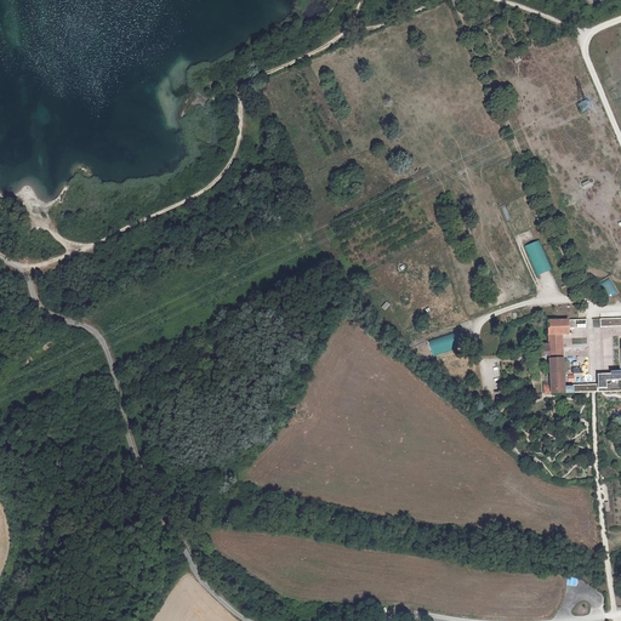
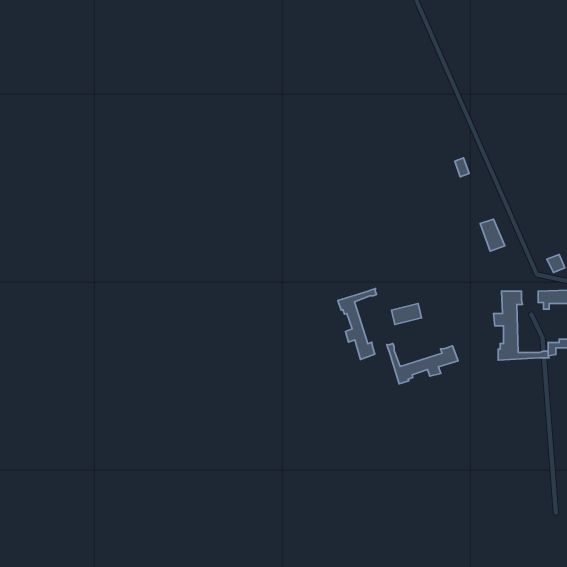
building: none -> [338,288,376,360]
building: none -> [387,344,458,384]

